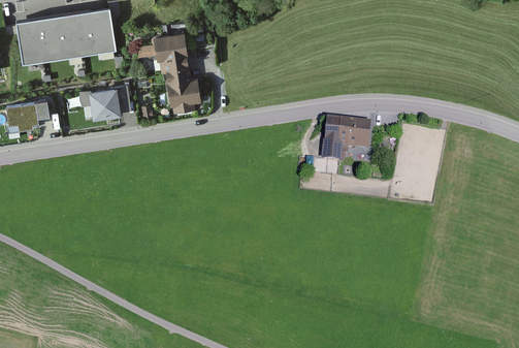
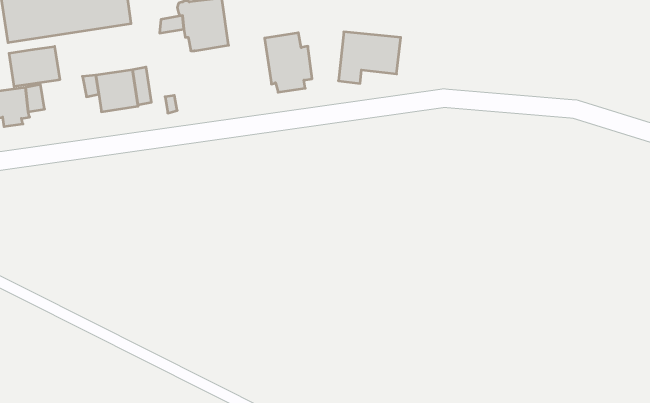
building: [164,68,200,114] -> [265,33,312,92]
building: none -> [9,46,60,87]
building: [323,122,370,161] -> [338,32,401,83]

